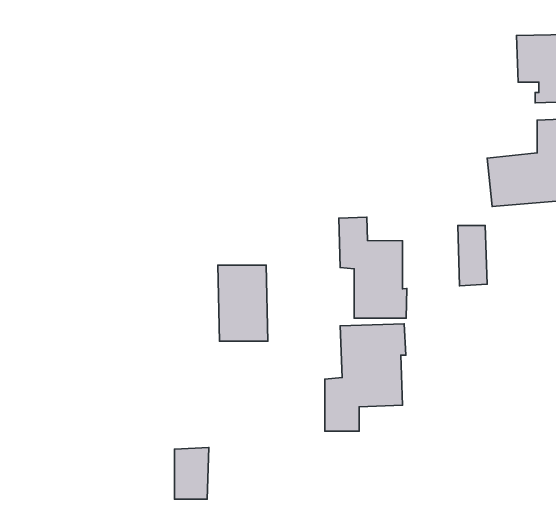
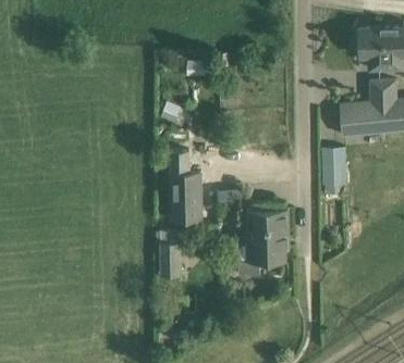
building: [339,217,407,318] -> none
building: [174,447,209,499] -> [159,243,181,276]

